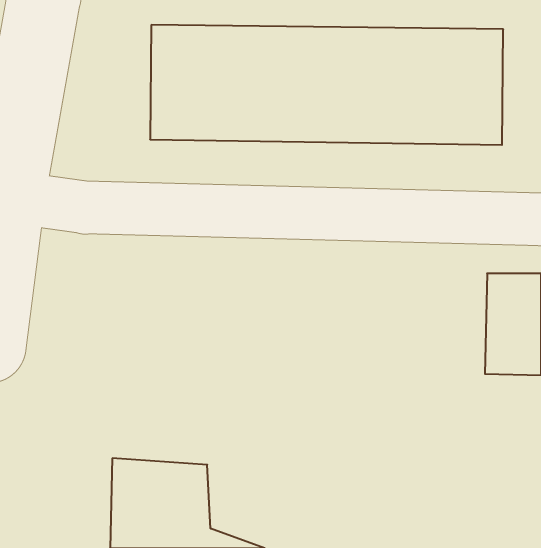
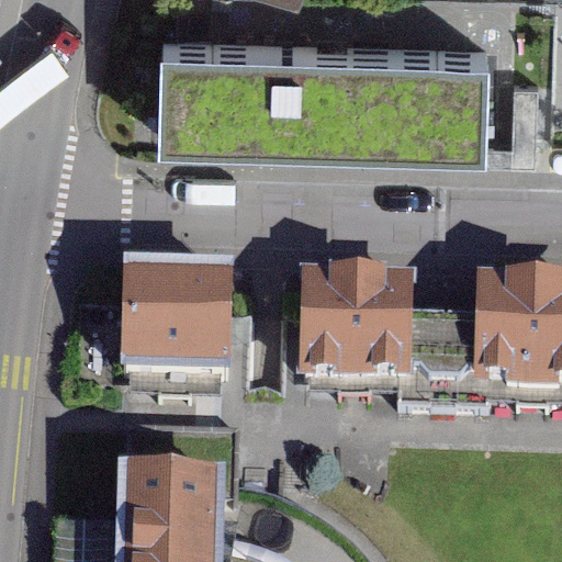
building: none -> [122,271,272,359]
building: none -> [299,272,440,376]

